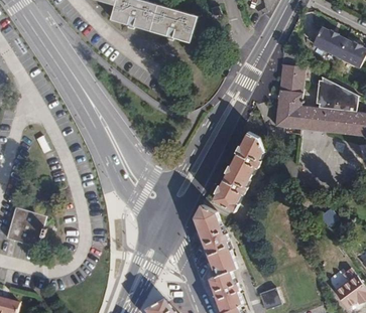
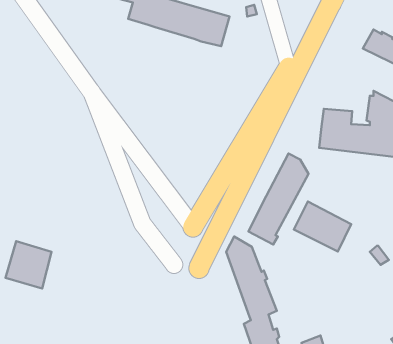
building: [278,64,306,96] -> none
building: none -> [294,201,351,252]

